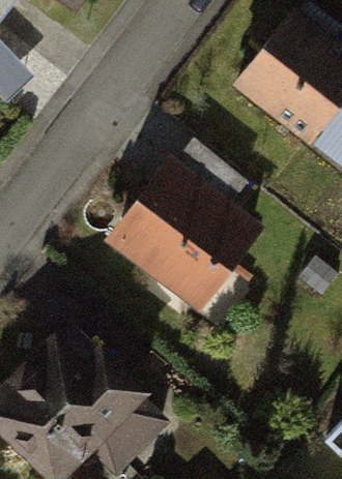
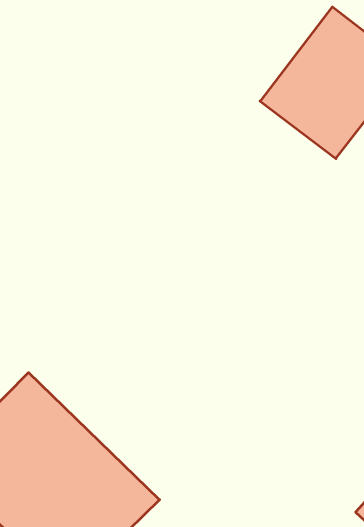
building: [119,170,258,305] -> none

